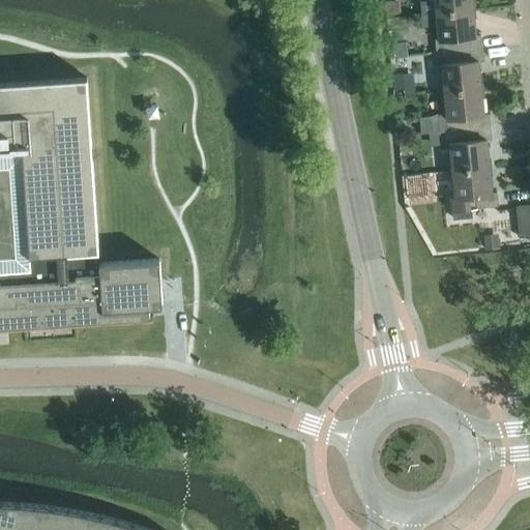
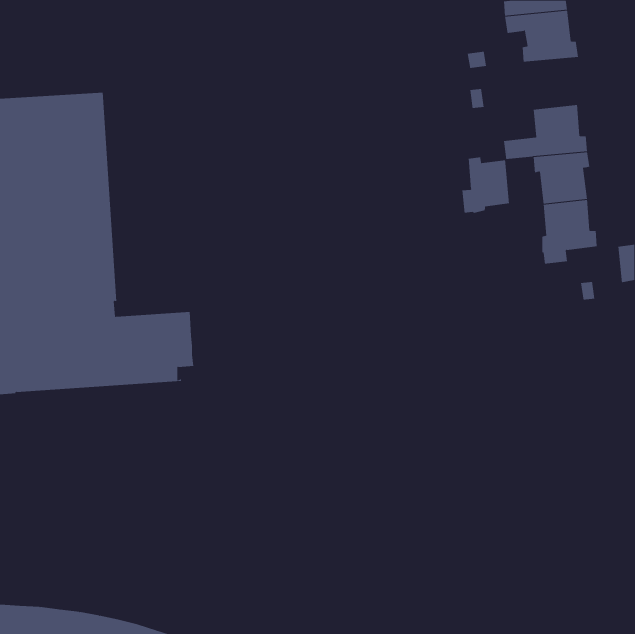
building: [435,50,482,93] -> none
building: none -> [462,157,510,214]

